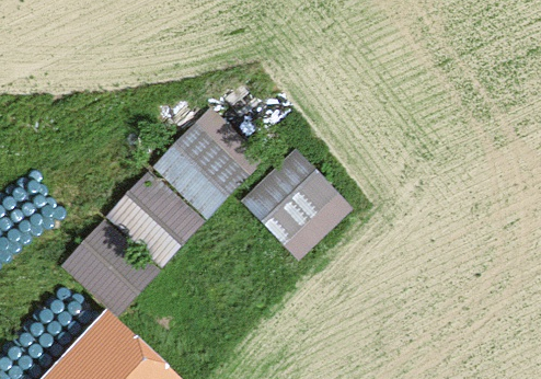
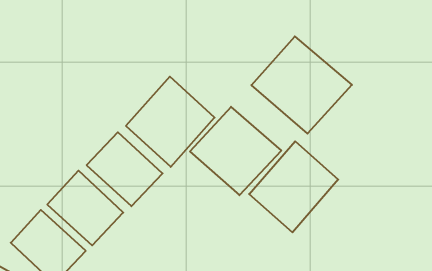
building: none -> [251,36,352,134]
building: none -> [249,141,338,232]

